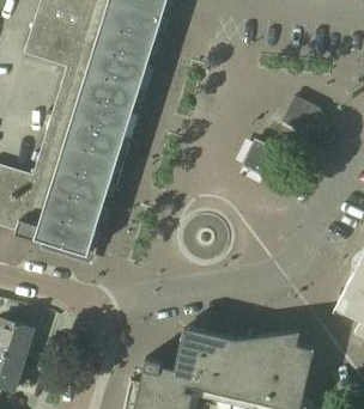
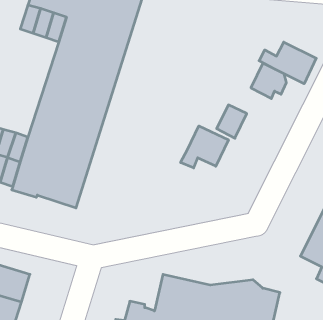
building: none -> [259,42,316,84]
building: none -> [181,126,228,168]

